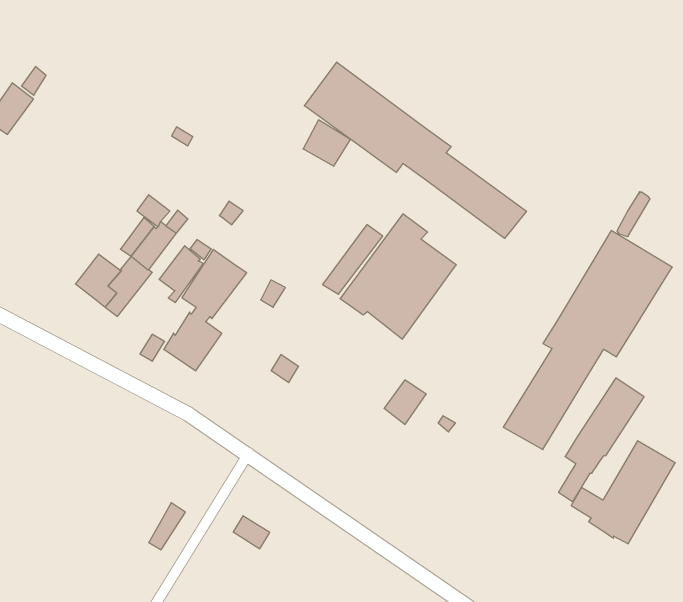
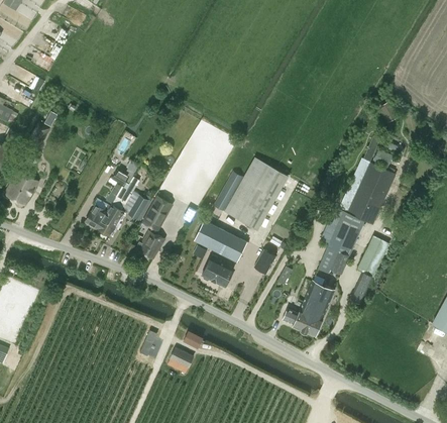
building: [304,62,526,238] -> none
building: none -> [191,219,246,261]
building: none -> [202,257,234,287]
building: [571,441,675,544] -> [283,281,334,335]
building: none -> [167,347,194,374]

